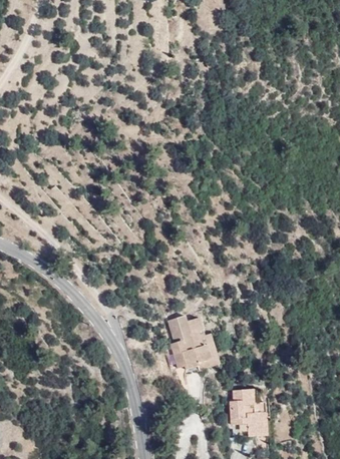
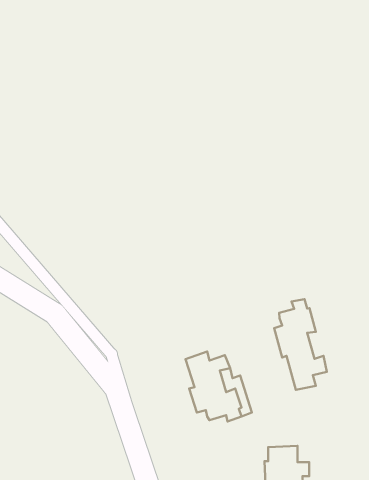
building: none -> [274,299,327,390]

